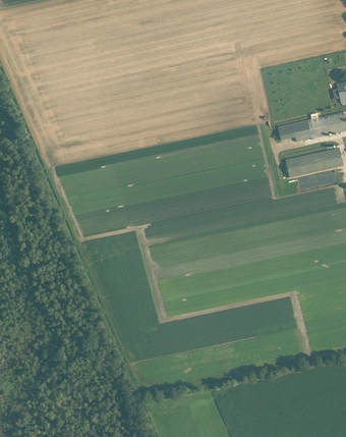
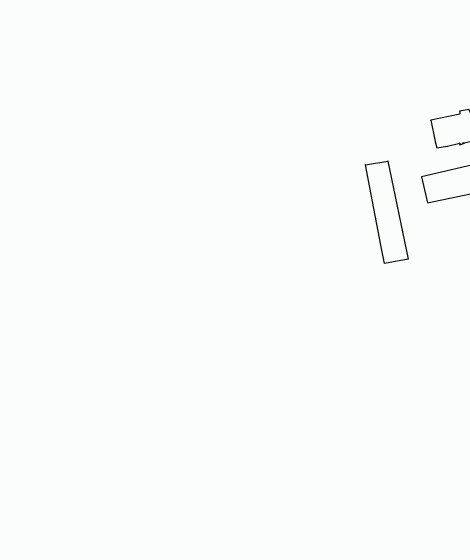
building: none -> [365,161,408,263]

